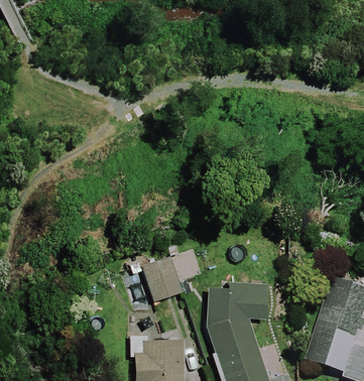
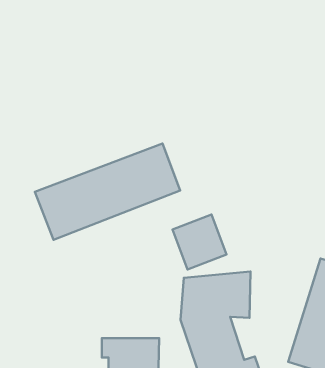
building: none -> [35,144,180,240]
building: [142,255,193,306] -> [173,215,226,269]

